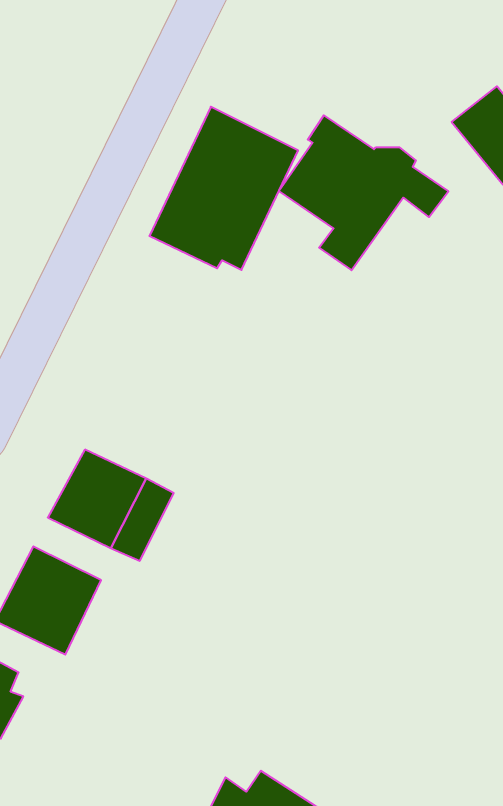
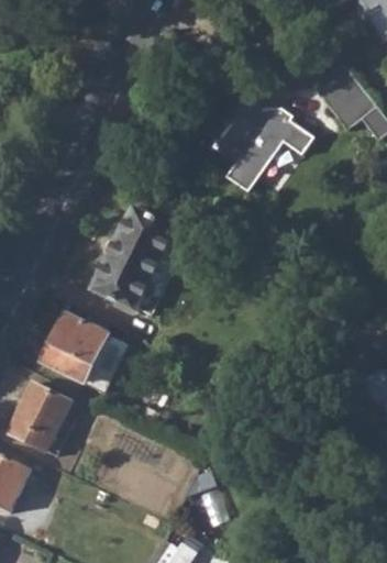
building: [149,107,298,270] -> [87,203,188,314]

